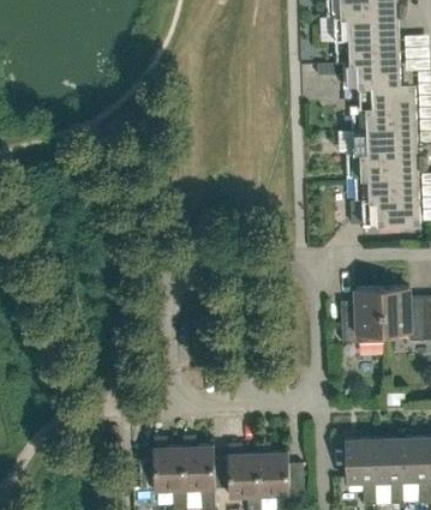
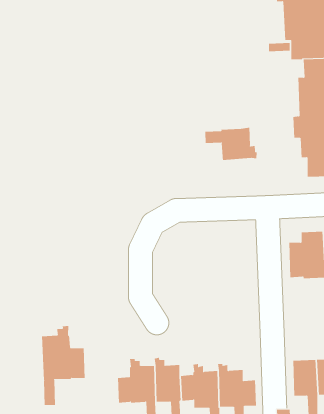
building: none -> [205,127,257,161]
building: none -> [42,325,85,406]

